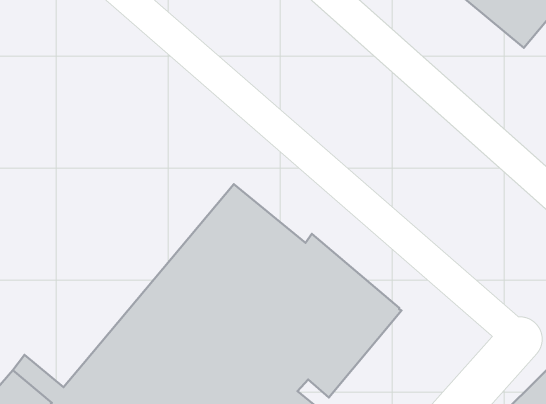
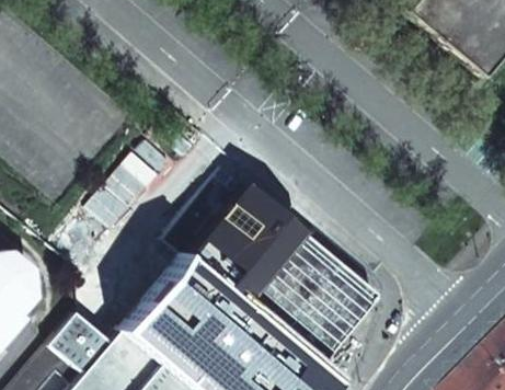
building: none -> [59,309,108,355]

